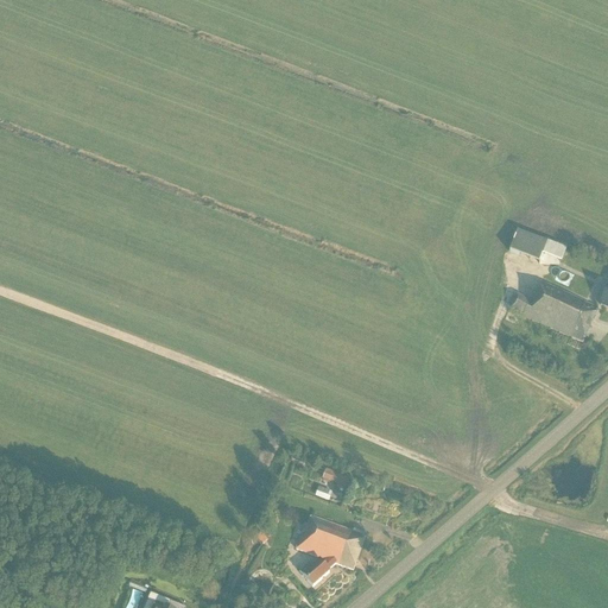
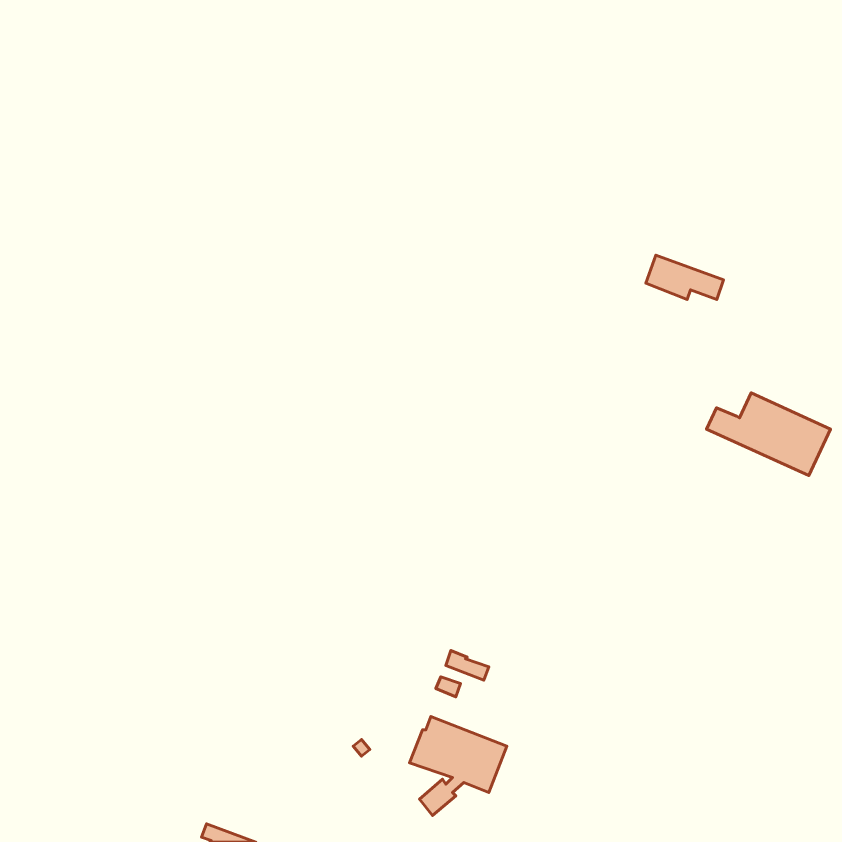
building: [508,230,564,262] -> [646,255,723,300]

